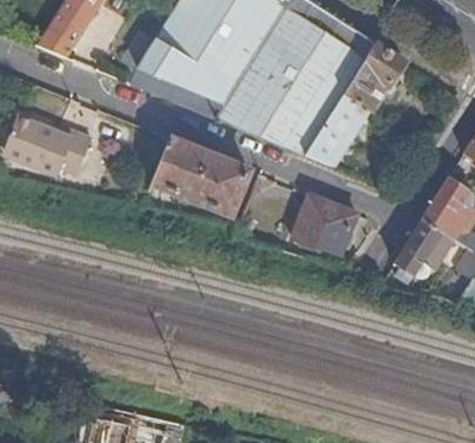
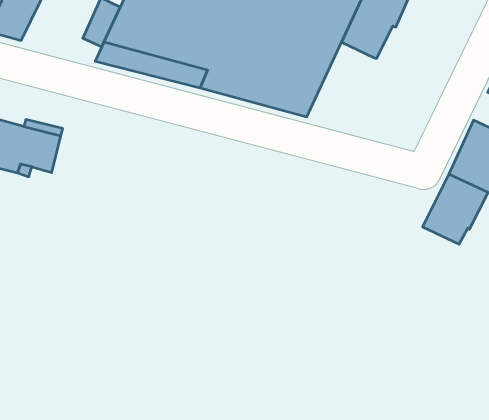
building: [304,95,368,168] -> none
building: [151,141,249,217] -> none
building: [292,196,356,256] -> none

